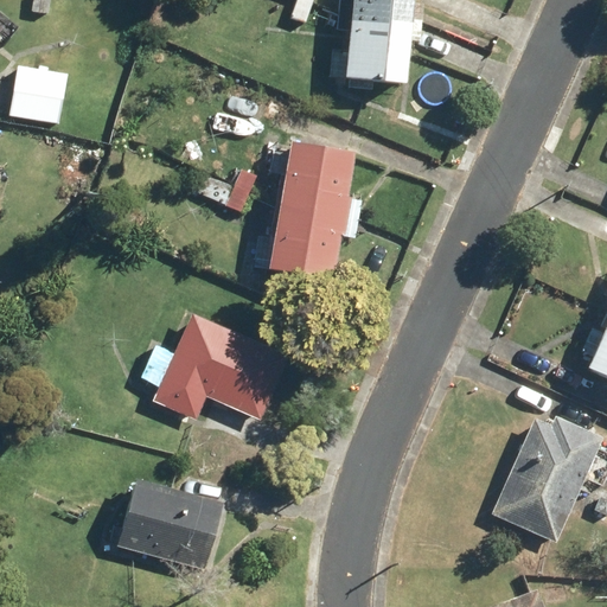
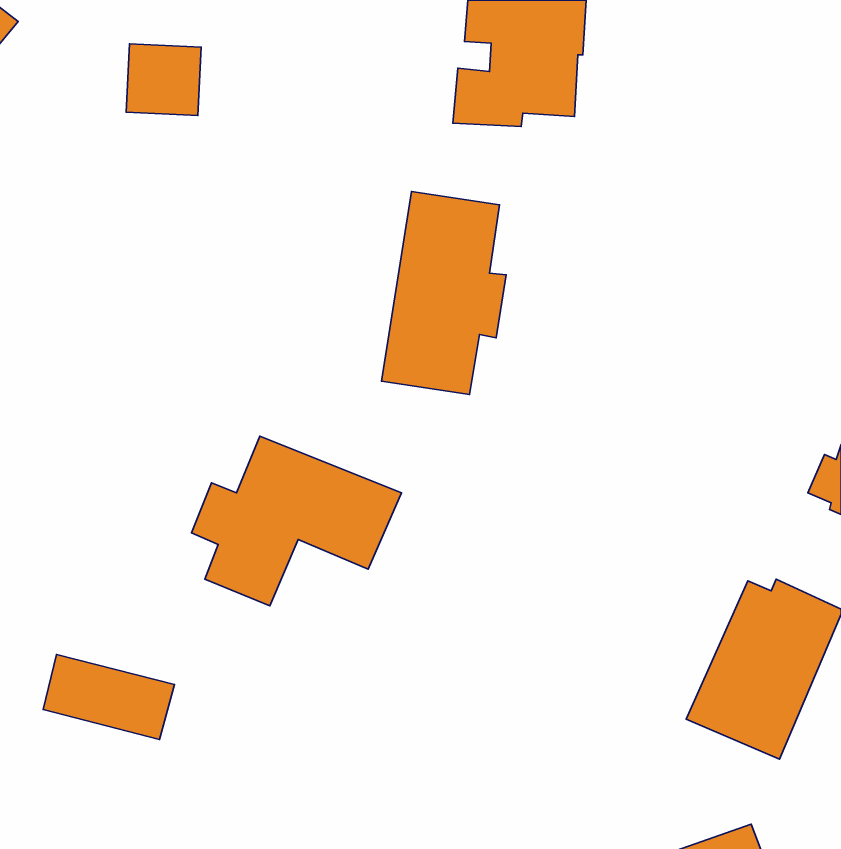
building: [8,69,62,120] -> [126,44,201,115]
building: [126,491,219,551] -> [43,655,175,739]

